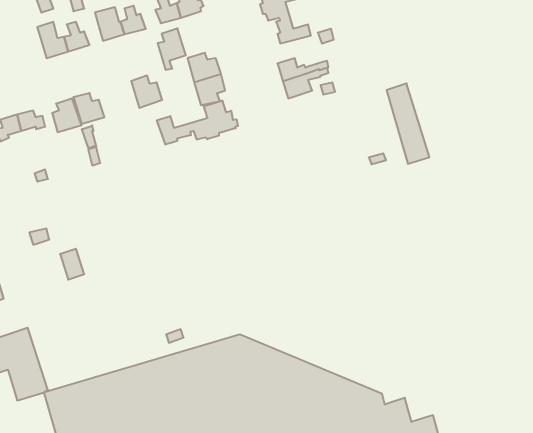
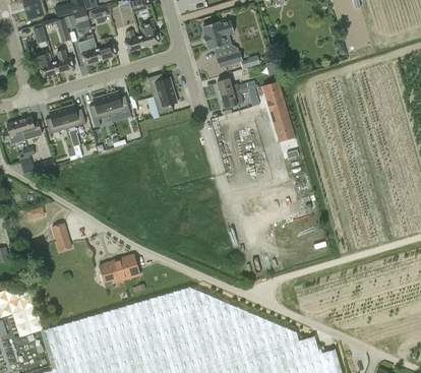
building: [158,28,186,70] -> [89,96,111,127]
building: [387,83,429,164] -> [262,81,295,142]
building: [157,100,238,145] -> none
building: none -> [99,254,139,284]

